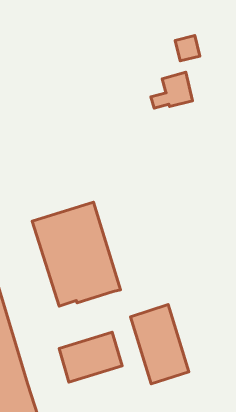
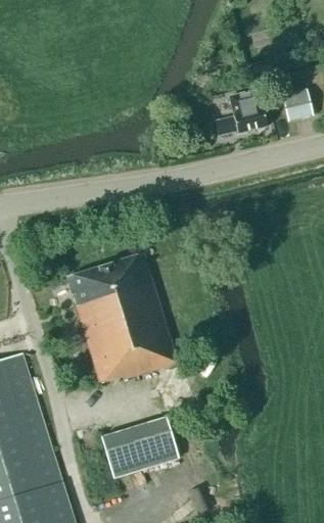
building: [175,36,200,61] -> [282,90,313,122]
building: [131,305,189,384] -> none

